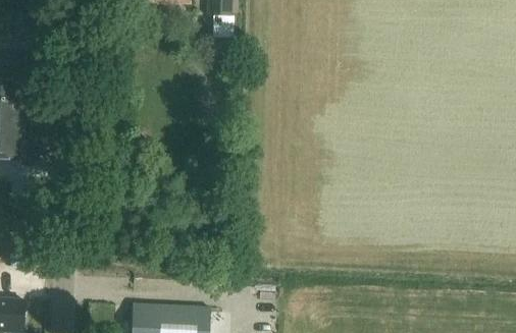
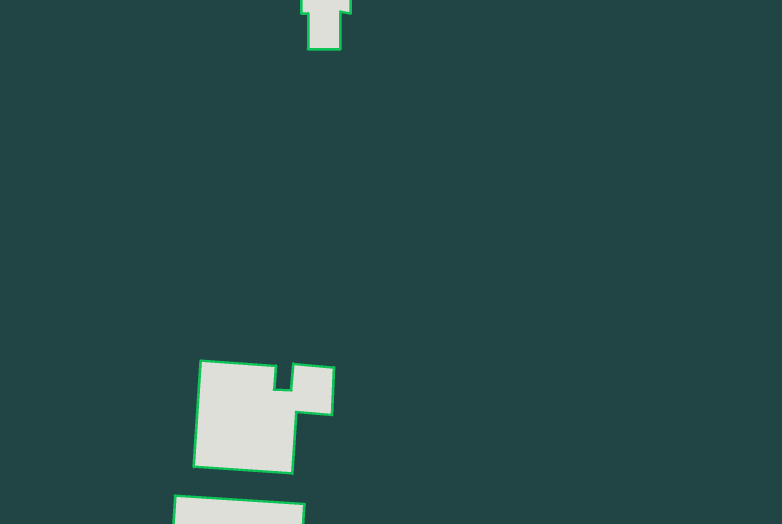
building: none -> [194,361,334,474]

